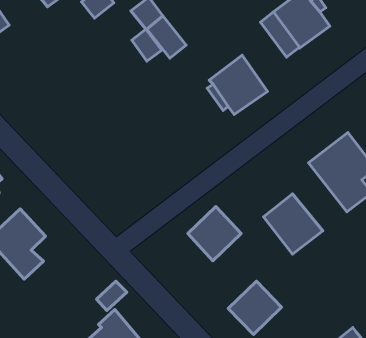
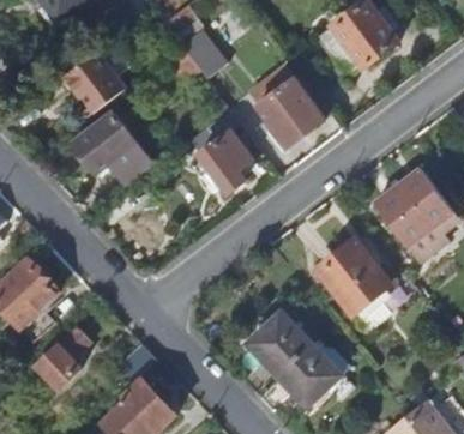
building: none -> [62,49,123,113]
building: none -> [72,111,153,183]
building: none -> [198,129,252,193]
building: [188,207,241,261] -> [247,313,311,378]
building: none -> [37,327,90,388]

